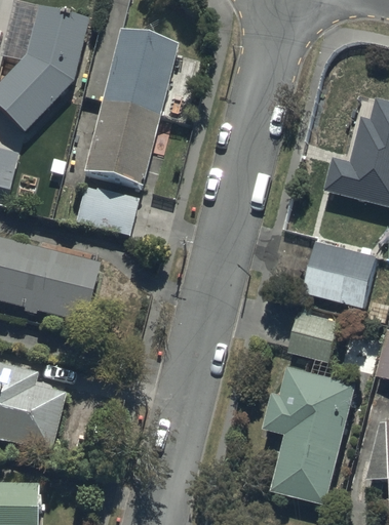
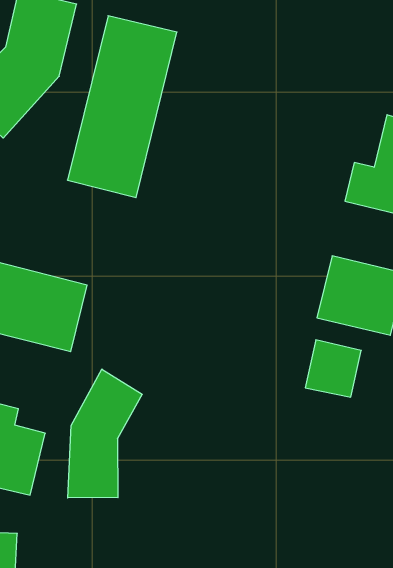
building: [72,189,138,238] -> none
building: none -> [68,369,142,498]
building: [263,366,359,506] -> none

